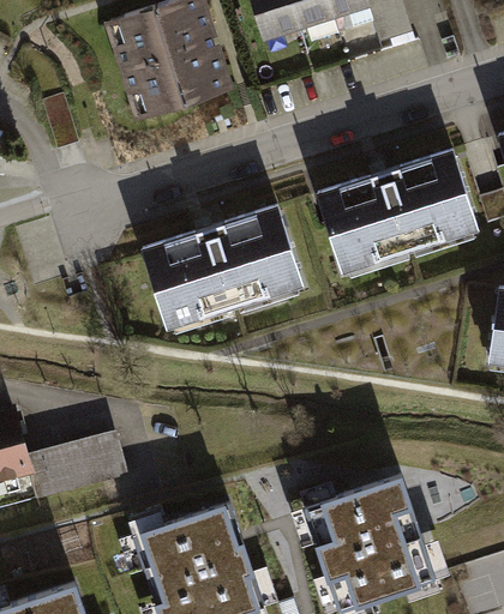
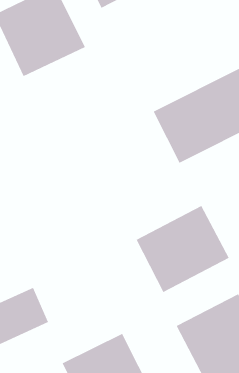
building: [144,209,307,332] -> none
building: none -> [136,205,230,293]

